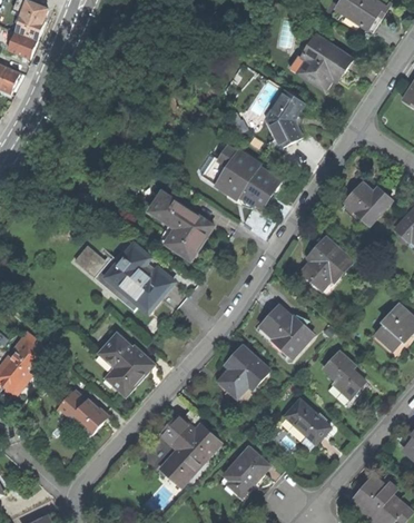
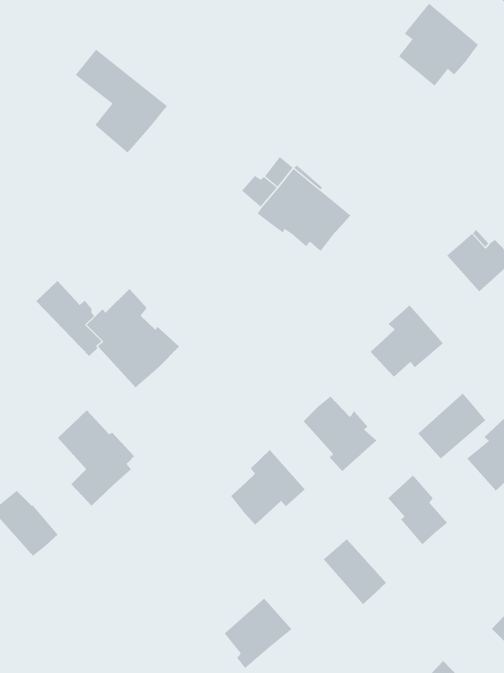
building: [266,89,303,146] -> none
building: [148,190,213,258] -> [75,49,168,153]
building: none -> [418,393,486,459]
building: [160,411,218,482] -> none

